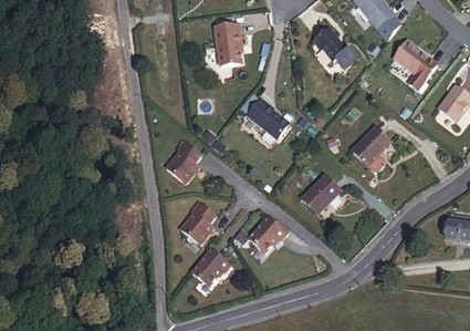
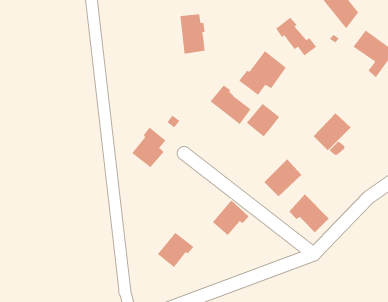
building: none -> [238,50,287,96]
building: none -> [246,103,280,138]
building: [180,201,216,246] -> none
building: none -> [288,194,329,233]

